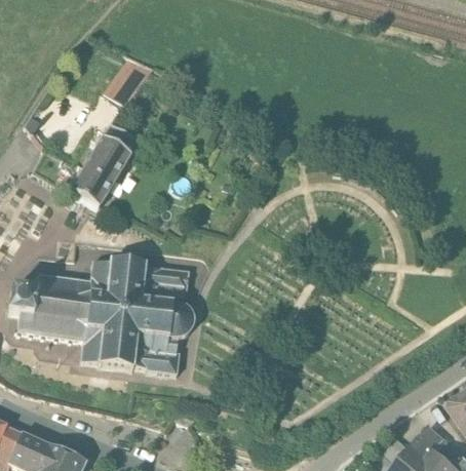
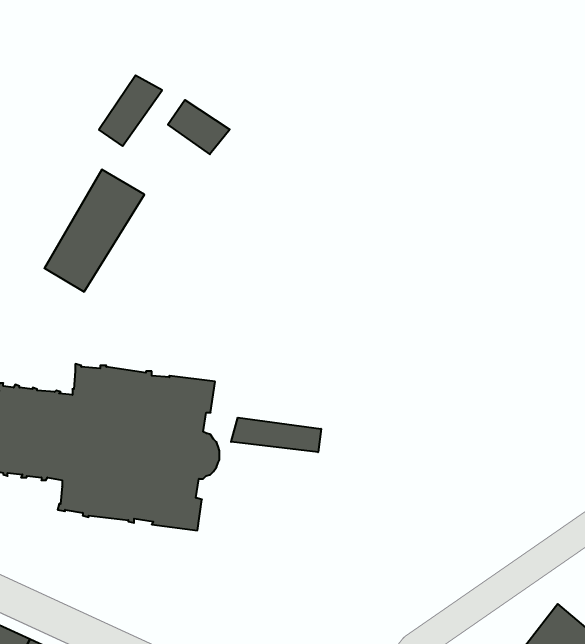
building: none -> [168,100,230,154]
building: none -> [231,418,321,452]

